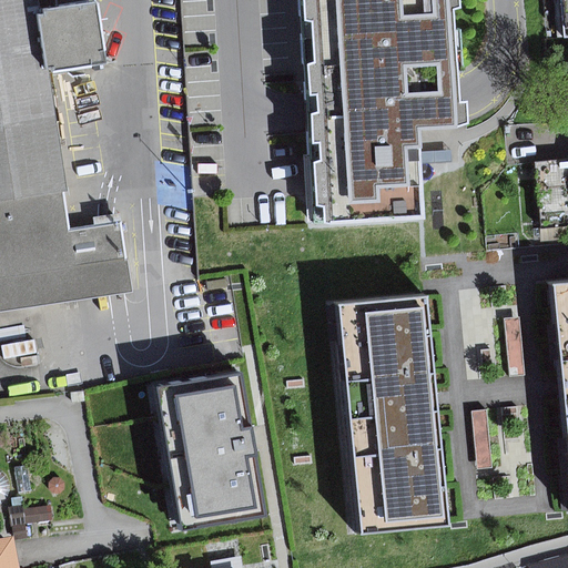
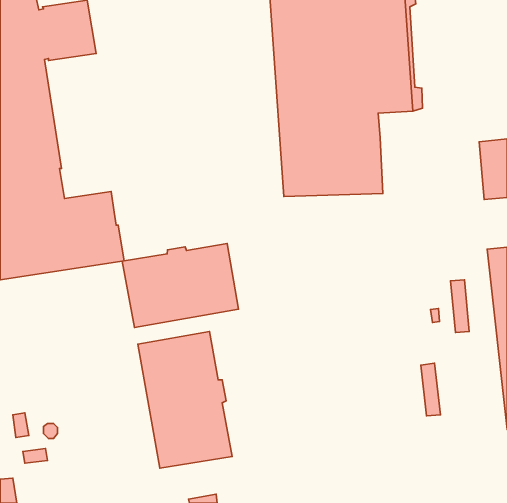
building: none -> [122,243,239,328]
building: [334,290,445,529] -> none

